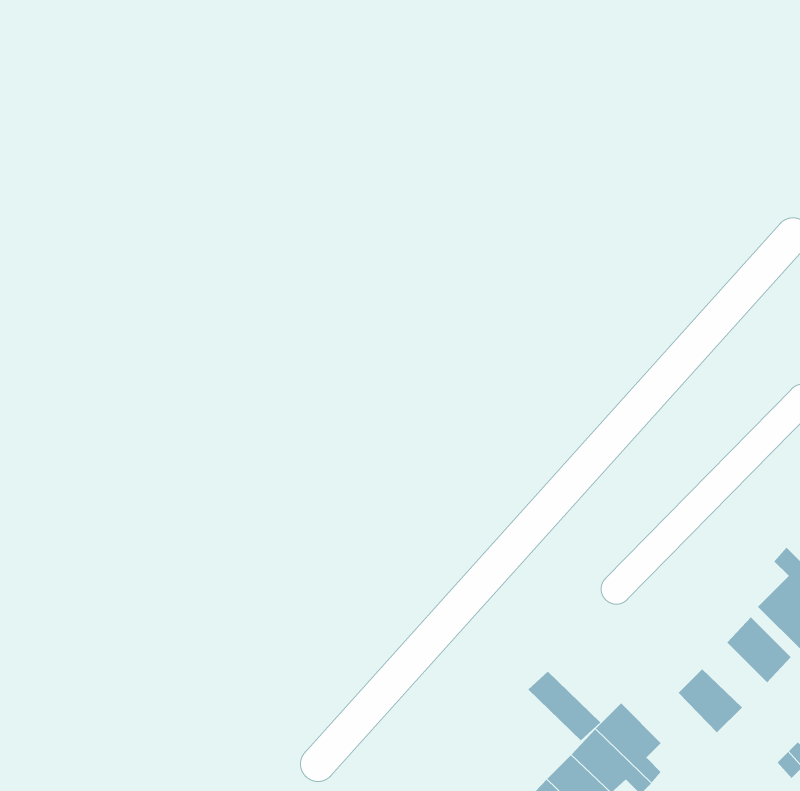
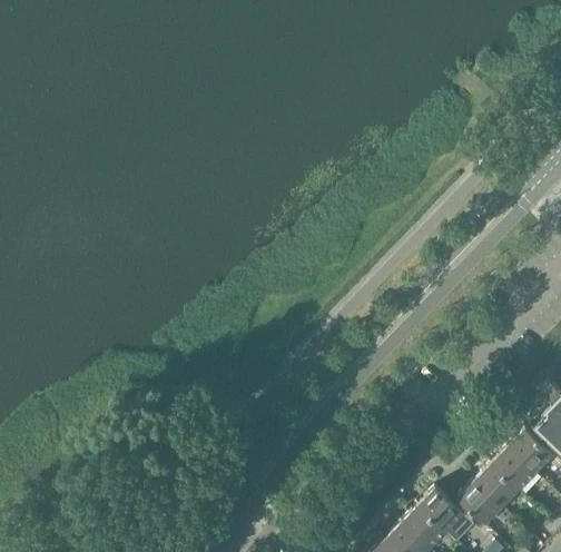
building: none -> [492,445,537,490]
building: [528,671,601,741] -> none
building: none -> [457,480,502,525]

